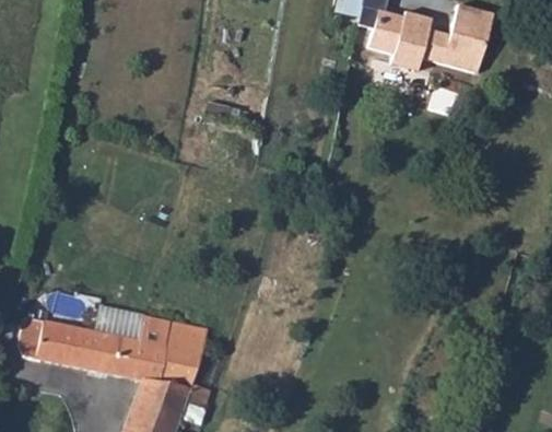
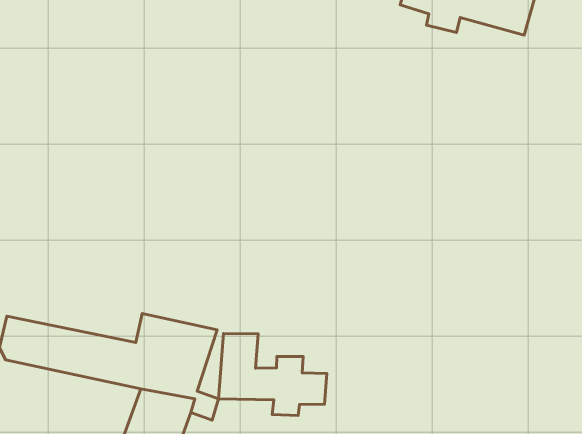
building: none -> [218,333,327,416]

